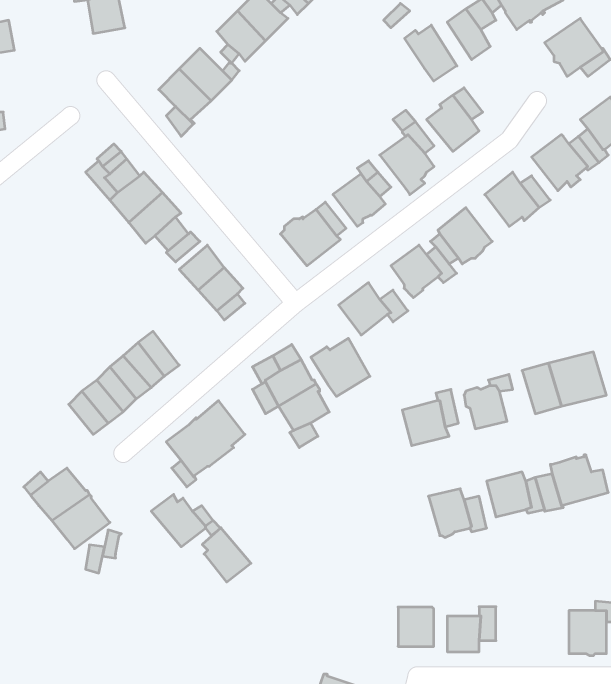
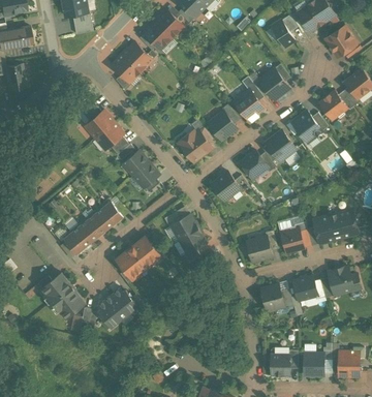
building: [405,25,457,81] -> none
building: [311,338,370,396] -> none
building: [202,528,251,582] -> [97,298,124,328]
building: [398,607,434,646] -> [304,354,323,375]

